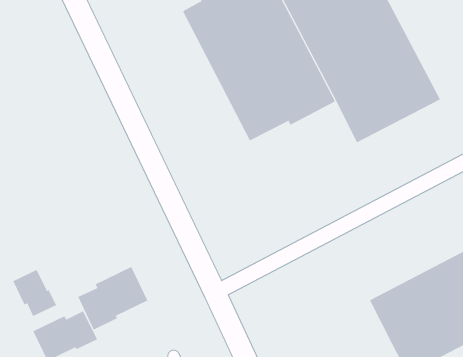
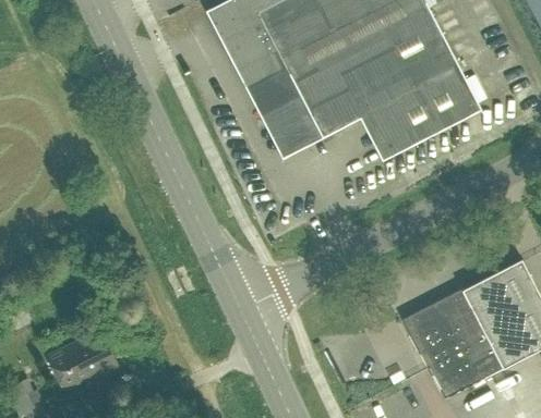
building: [78,266,148,330] -> none
building: [13,269,57,317] -> none

